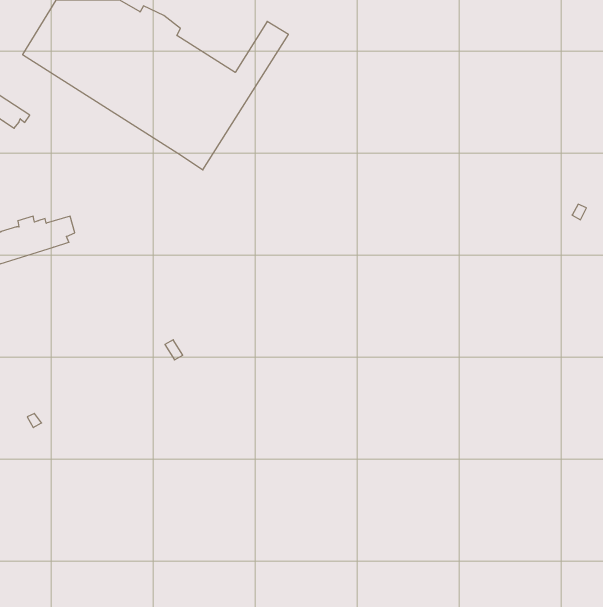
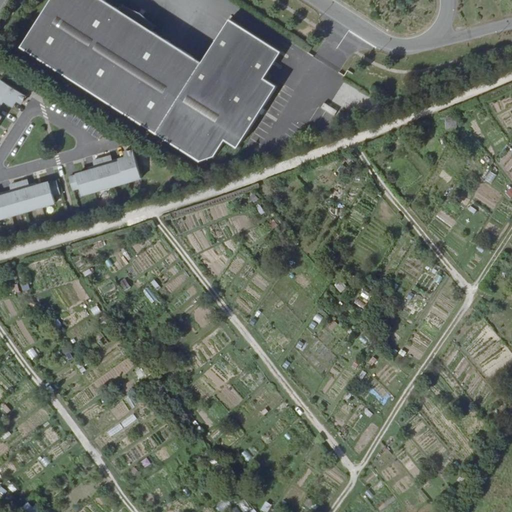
building: none -> [171,29,276,159]
building: none -> [69,150,141,197]

